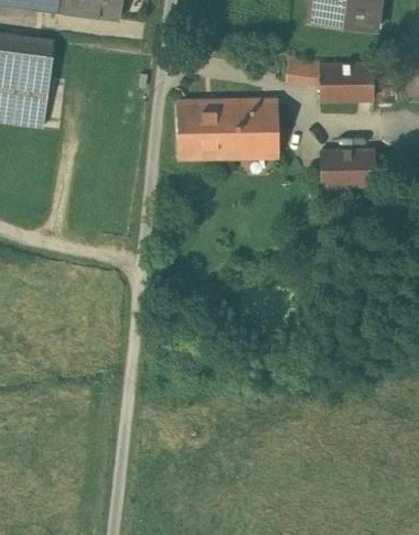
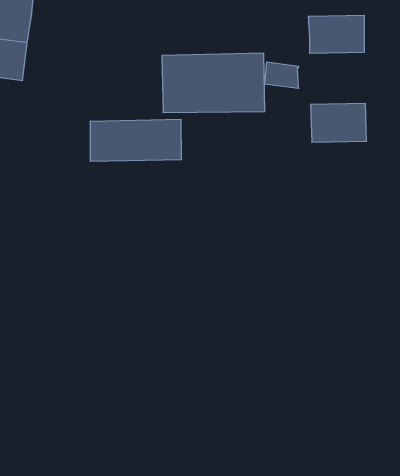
building: [288,59,321,85] -> [264,62,299,88]
building: none -> [90,119,181,161]

